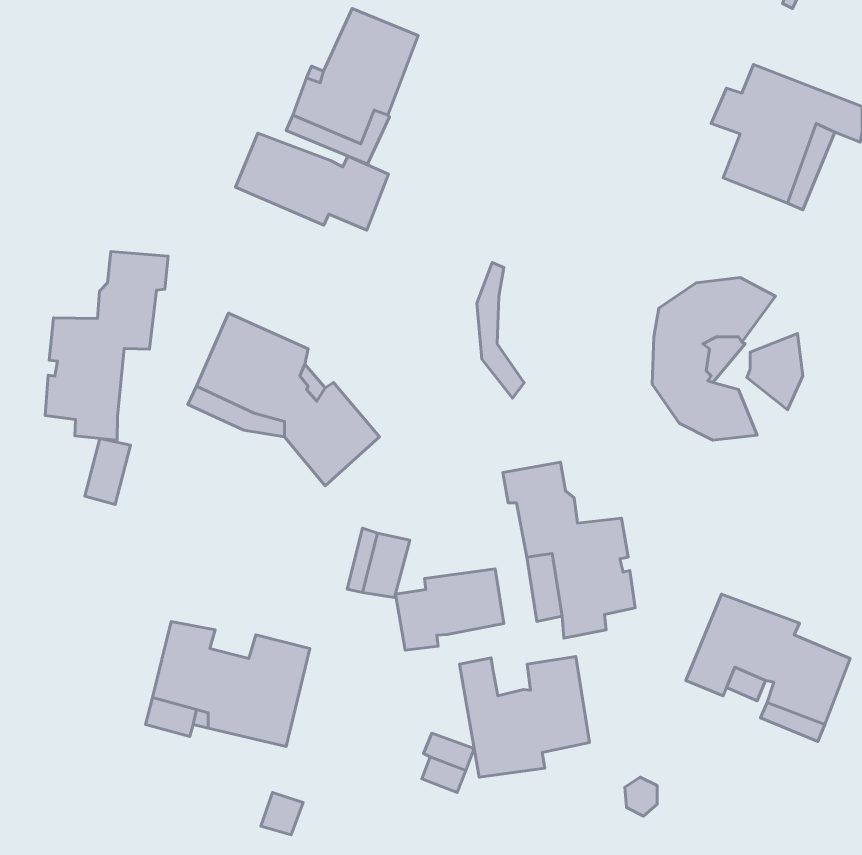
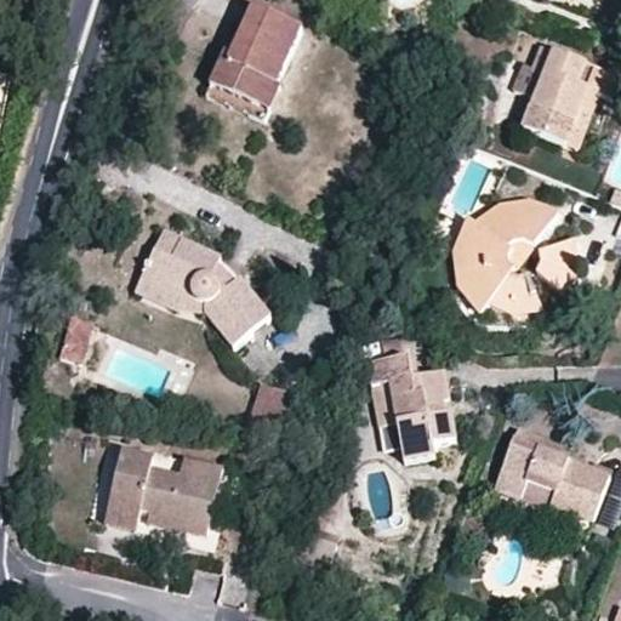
building: [236,133,389,230] -> none
building: [45,251,168,440] -> none
building: [477,263,524,398] -> [452,217,486,314]
building: [396,569,504,650] -> none
building: [460,657,589,777] -> none

